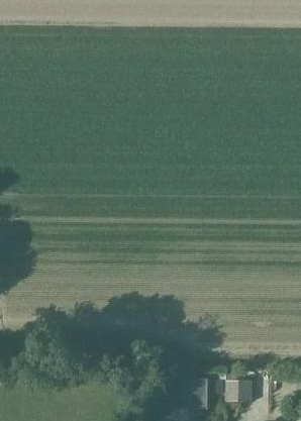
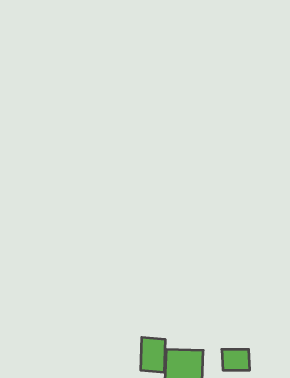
building: none -> [141,337,165,372]

